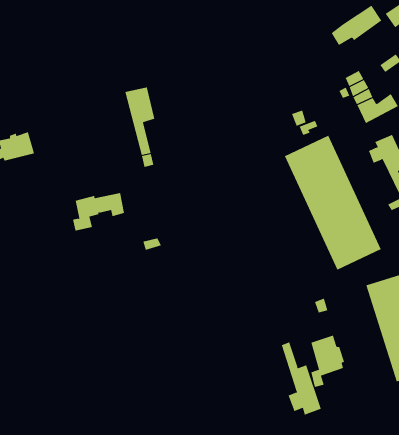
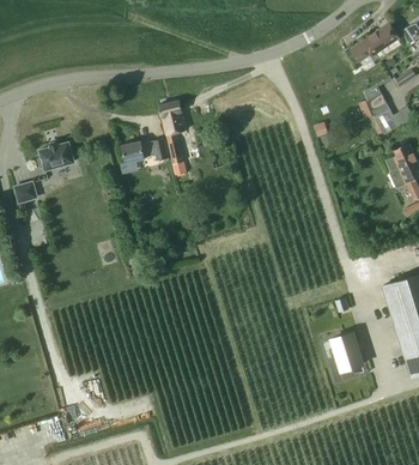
building: [284,135,381,270] -> none
building: [72,193,125,231] -> [120,138,169,174]
building: [281,342,322,416] -> none

